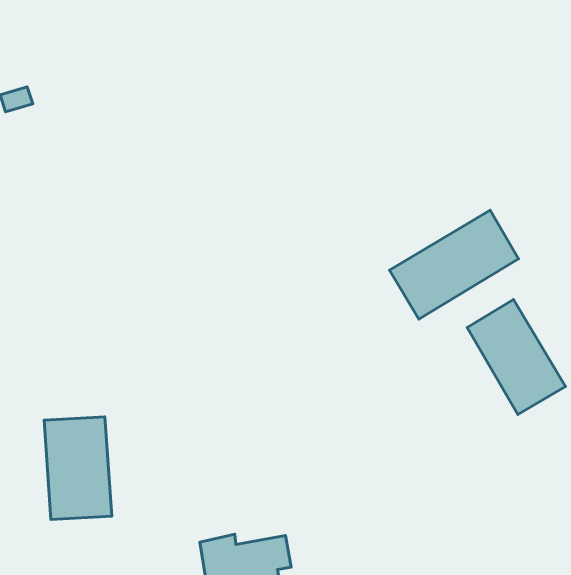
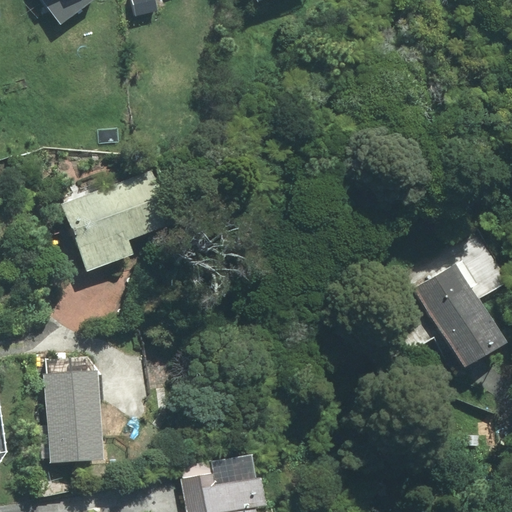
building: none -> [58,162,172,256]
building: [389,210,518,319] -> none

